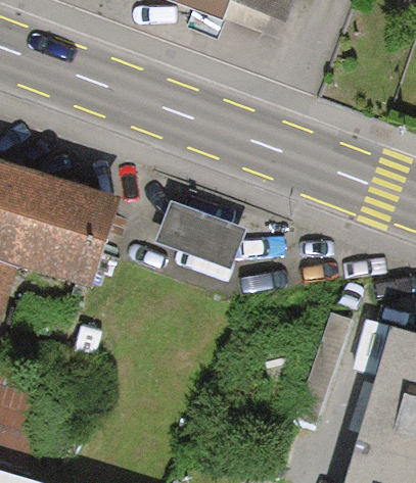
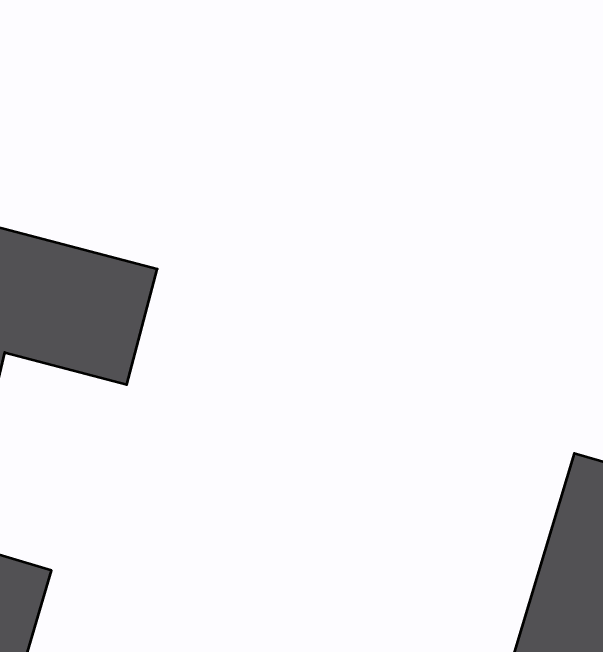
building: [143,196,232,263] -> none

